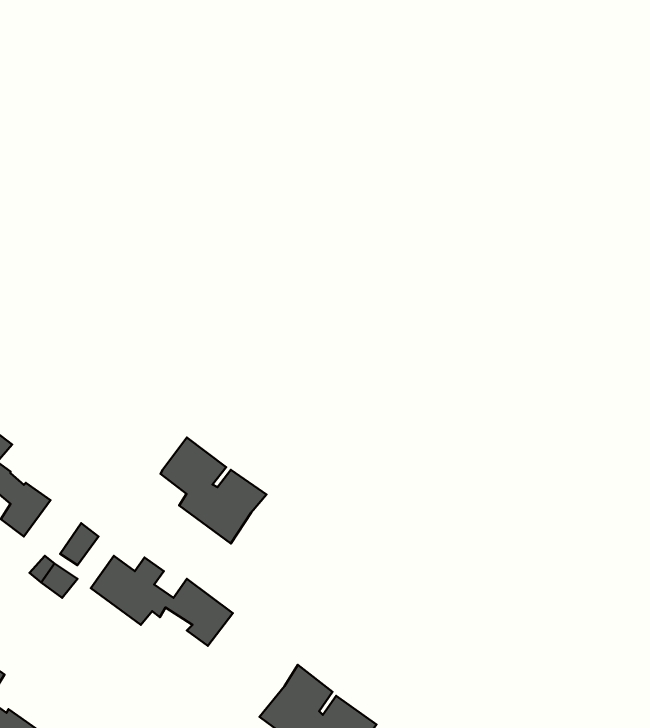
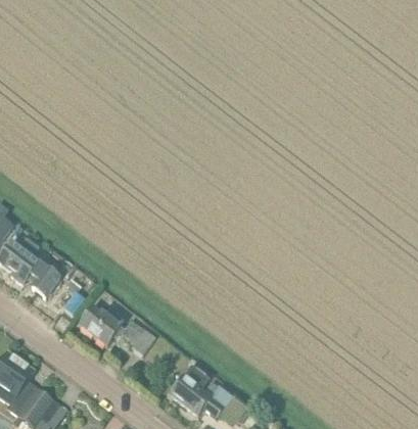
building: [160,437,267,543] -> none

